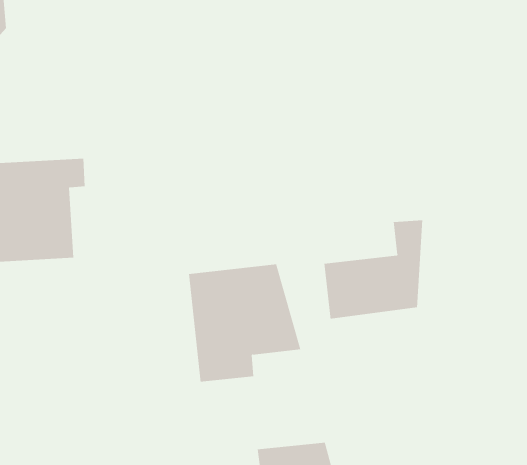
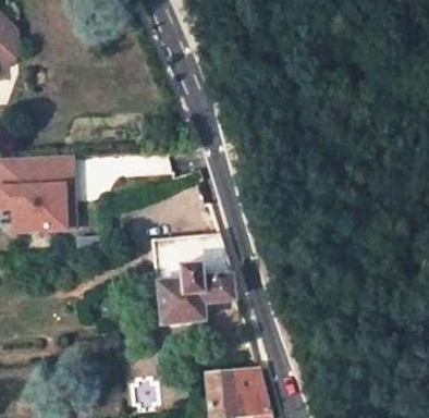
building: [324,220,423,319] -> none

